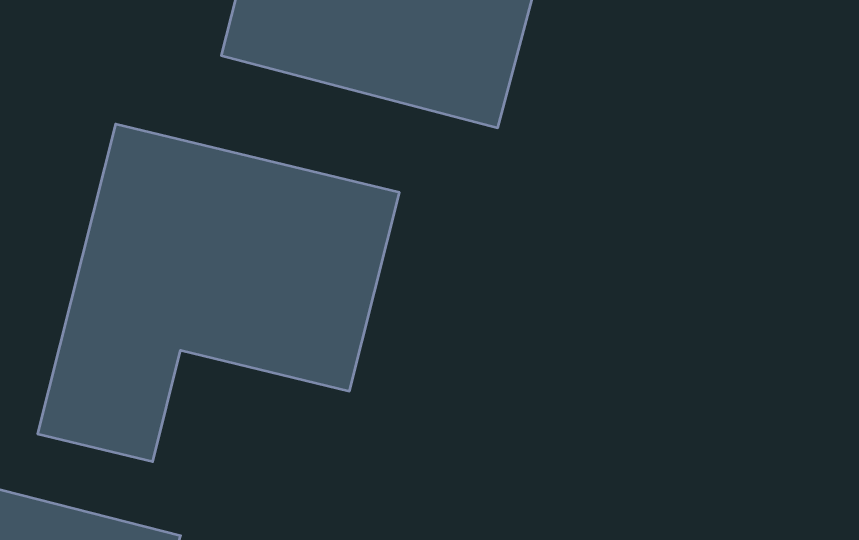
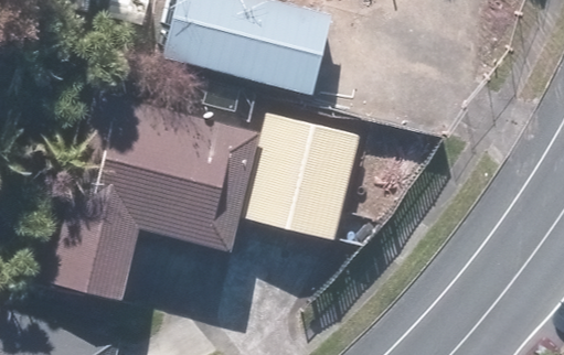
building: none -> [248,108,362,239]

